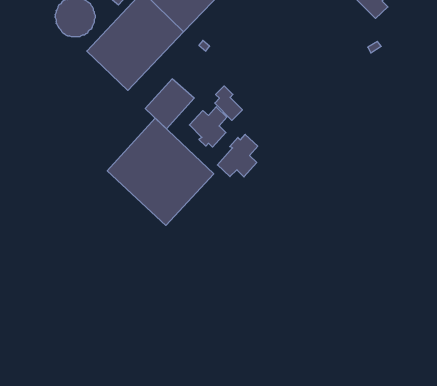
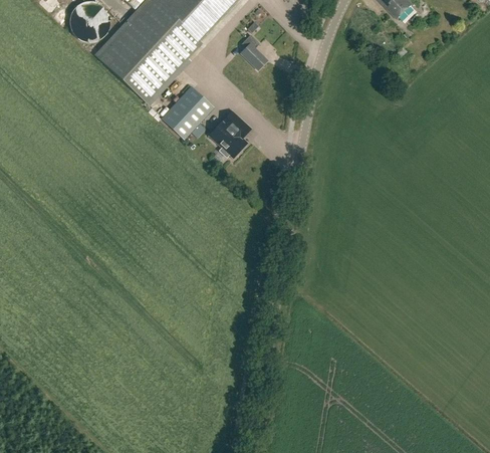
building: [215,86,242,120] -> [238,32,267,68]
building: [107,118,214,225] -> none
building: [217,134,258,177] -> none

